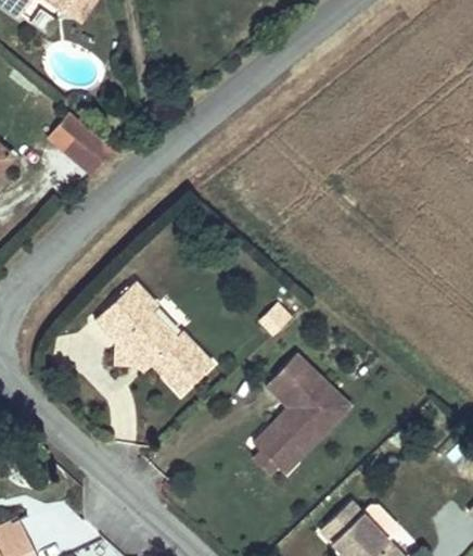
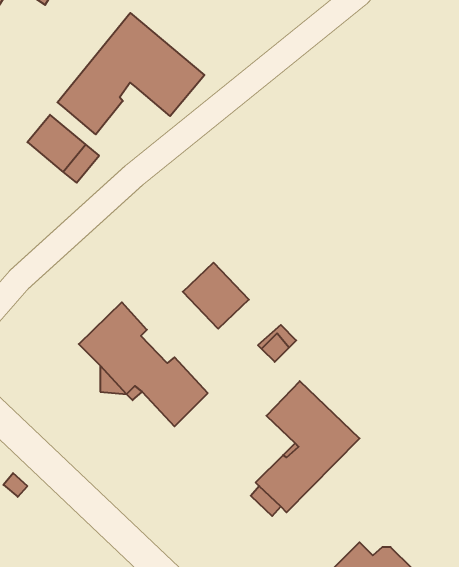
building: none -> [57,13,204,134]
building: none -> [183,263,249,329]

